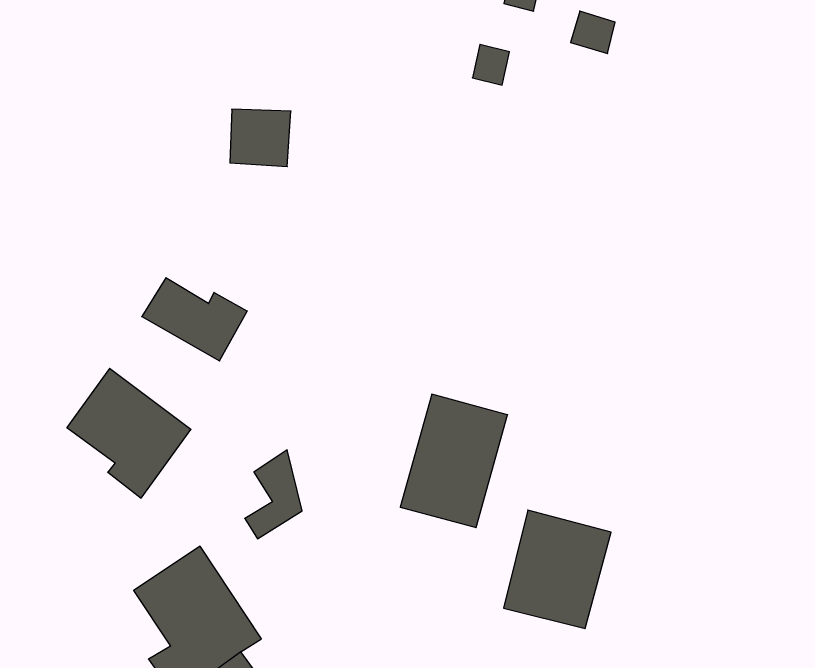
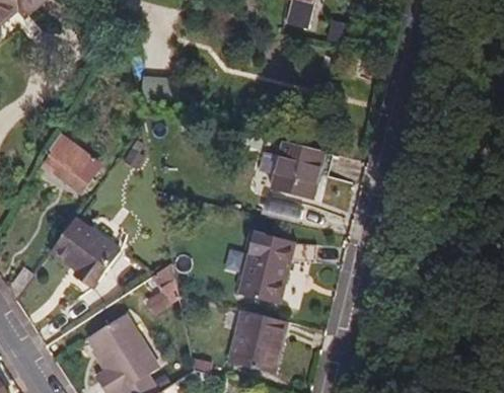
building: none -> [270,141,326,200]
building: [142,278,247,361] -> [43,142,100,187]
building: [504,510,611,629] -> [231,311,290,376]

